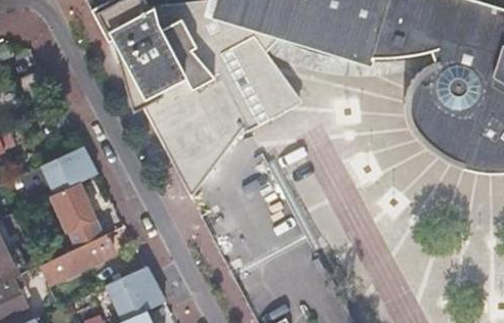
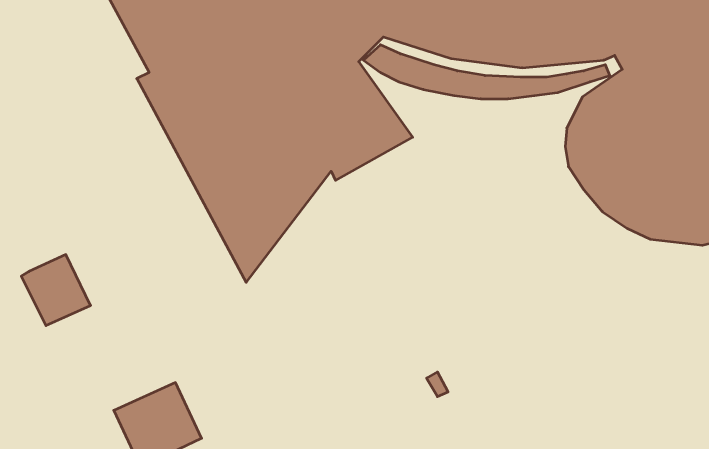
building: [35,145,91,192] -> none
building: [39,235,113,283] -> none

